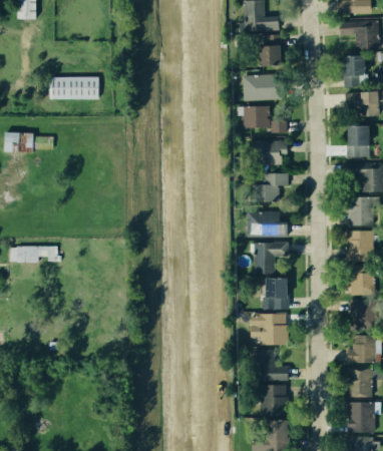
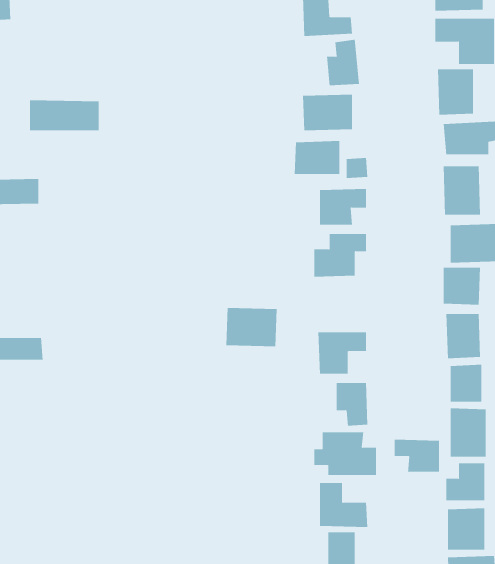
building: [250,210,287,239] -> [225,308,277,347]
building: none -> [394,439,439,473]

